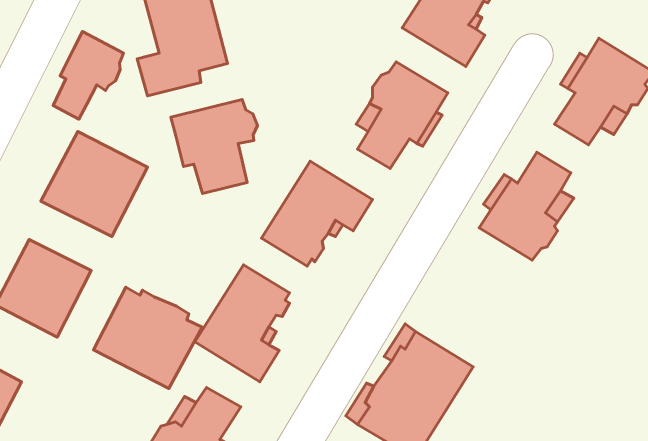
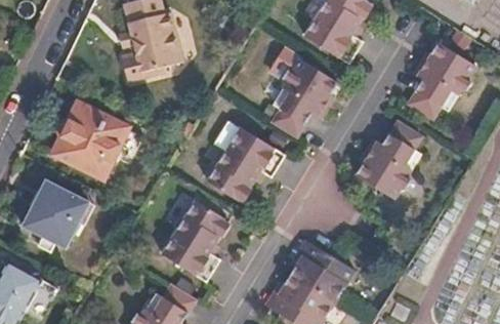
building: [53,32,124,119] -> none
building: [171,99,258,193] -> none
building: [93,287,202,388] -> none

